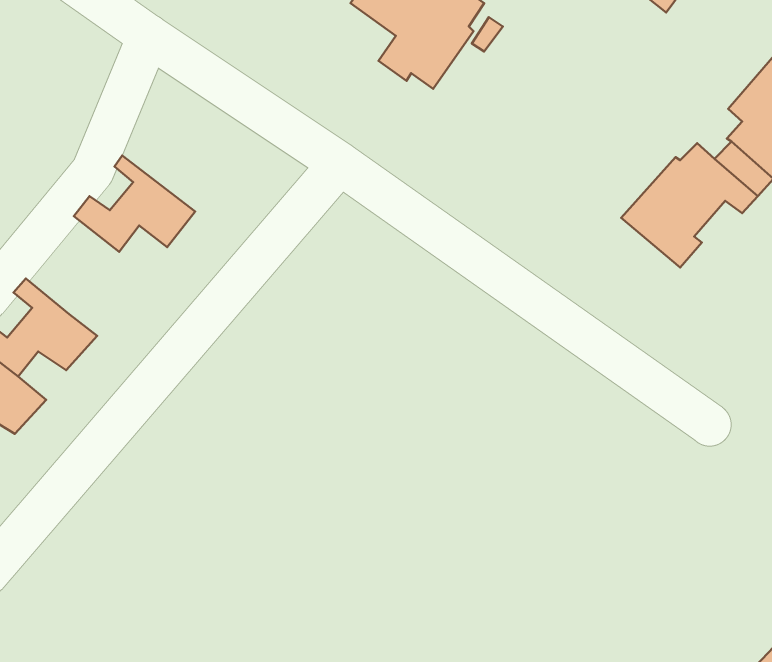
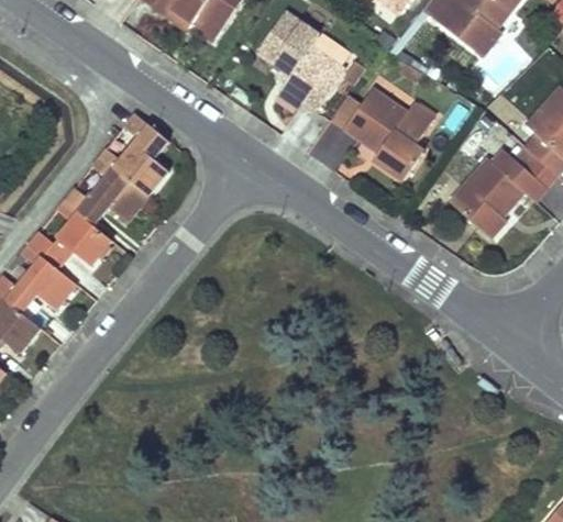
building: none -> [345,87,434,176]
building: none -> [97,112,170,197]
building: none -> [29,200,113,269]

